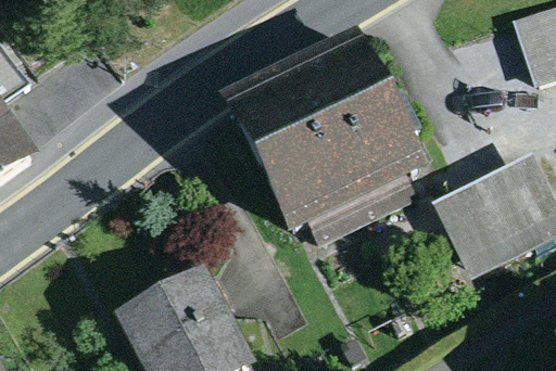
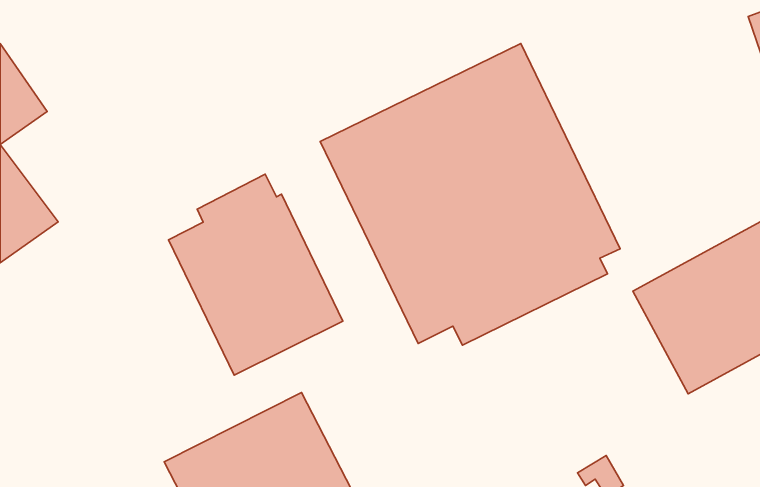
building: none -> [168,174,343,375]

